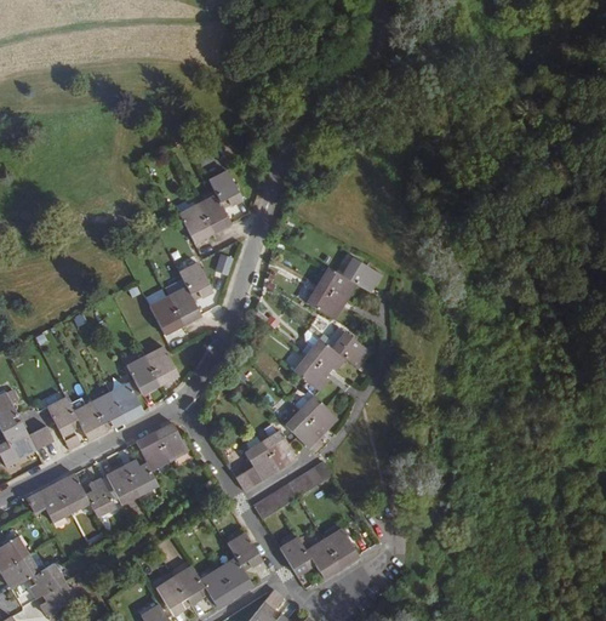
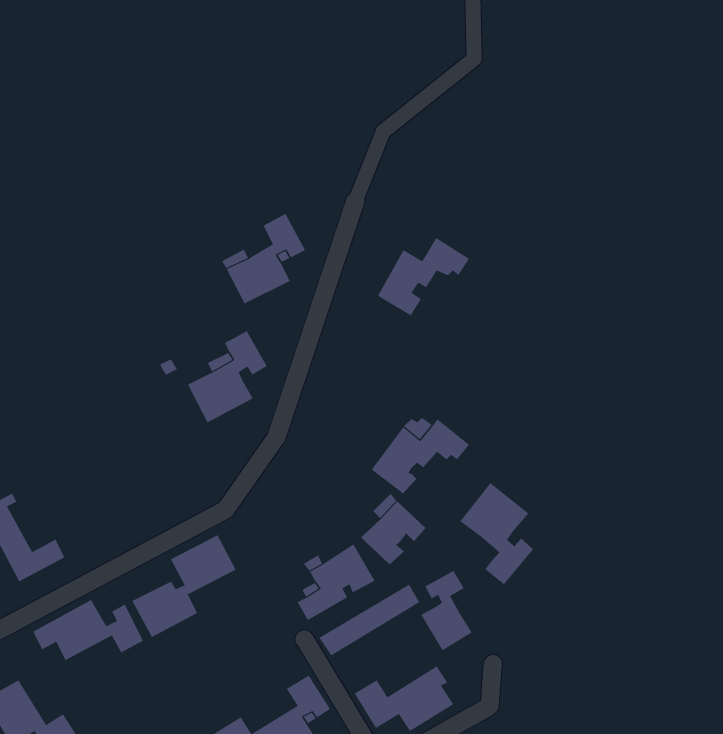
building: [307,257,379,319] -> [377,237,470,316]
building: [125,346,177,393] -> none
building: none -> [460,482,534,585]
building: [46,383,142,449] -> none
building: none -> [421,570,473,651]

